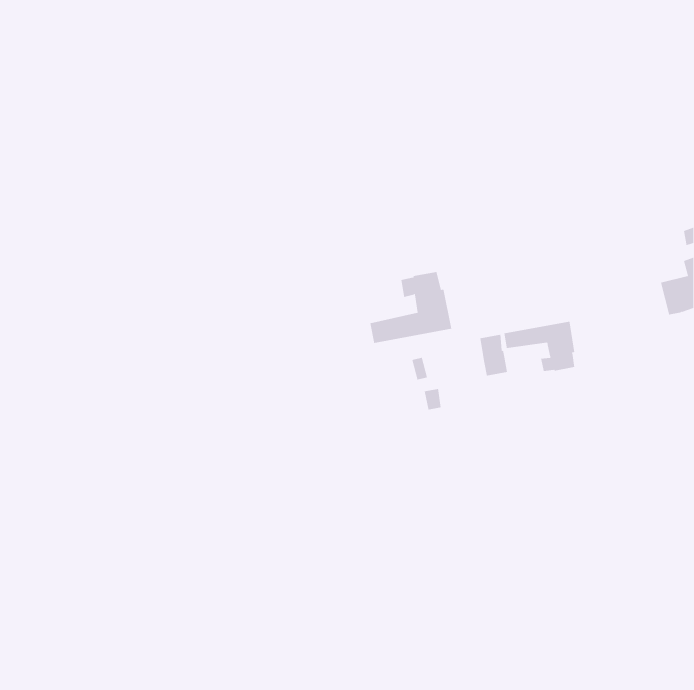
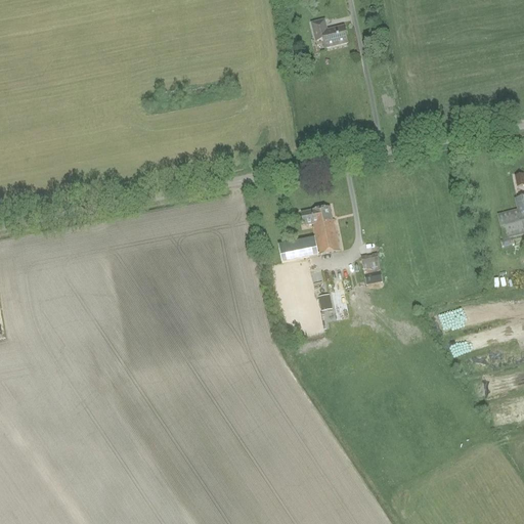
building: none -> [311,18,348,47]
building: [504,321,575,372] -> none

